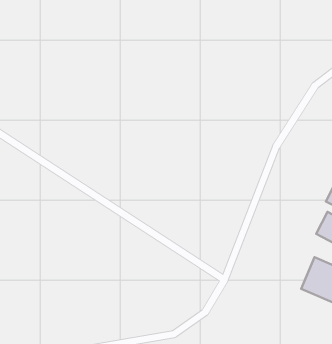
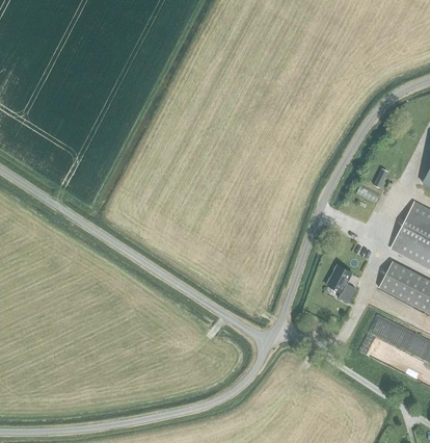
building: none -> [327,264,356,303]

